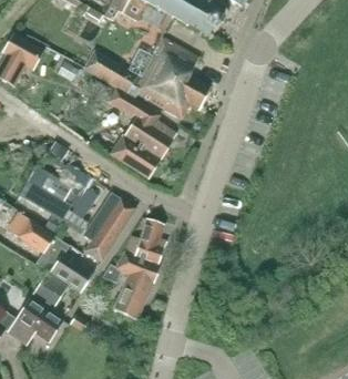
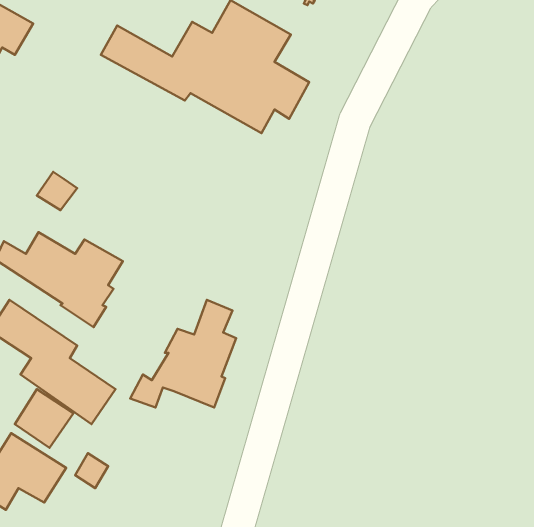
building: [106,88,176,177] -> none
building: [81,191,136,260] -> none
building: [115,273,153,321] -> none

